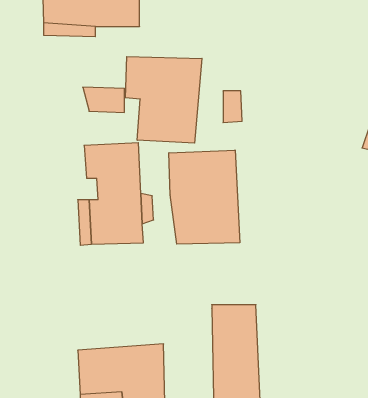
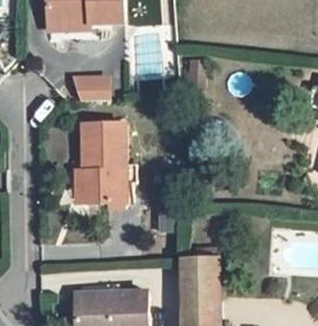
building: [125,57,202,143] -> none
building: [169,150,240,244] -> none

